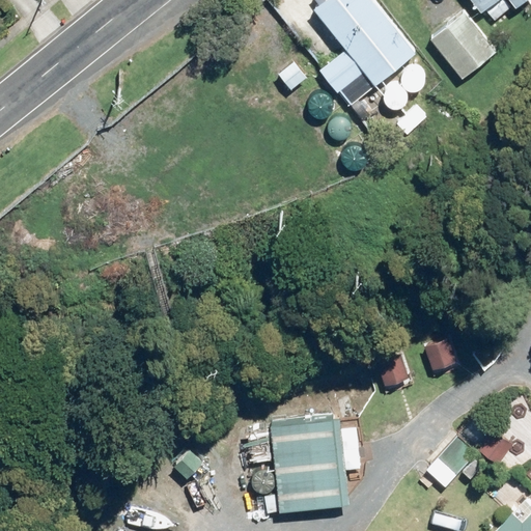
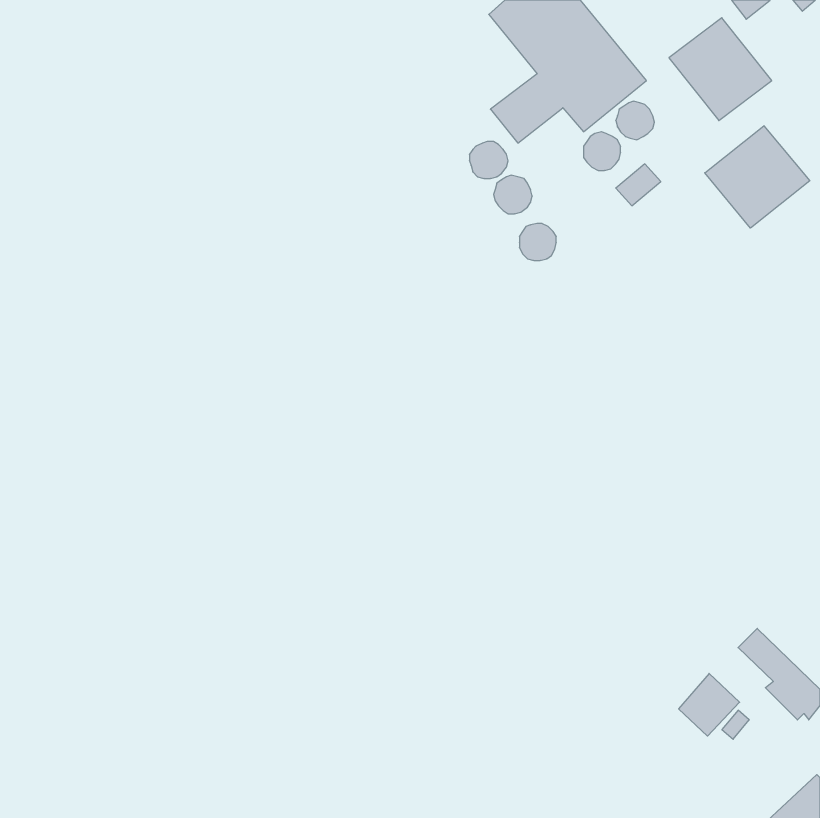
building: none -> [705,126,810,228]
building: [272,412,344,504] -> none

